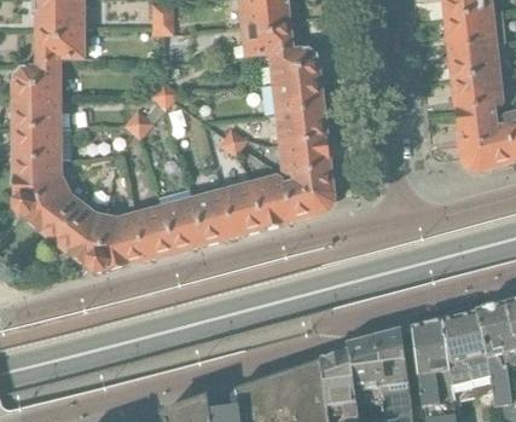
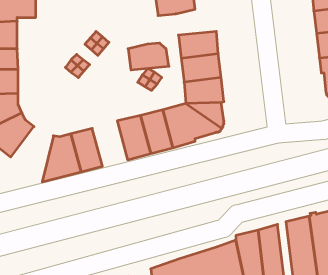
building: [267,47,320,82] -> [128,43,169,70]
building: [158,195,204,254] -> none
building: [52,202,108,274] -> none

